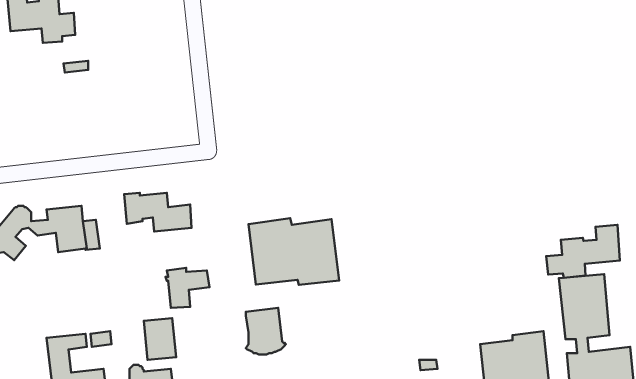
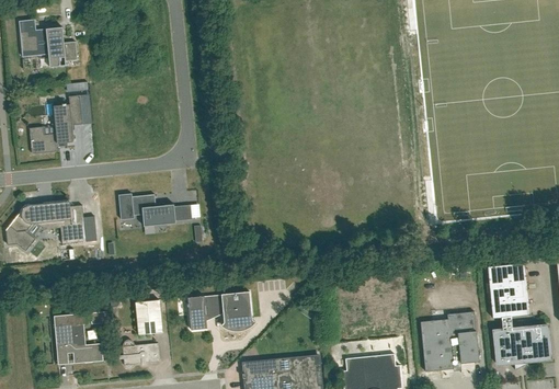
building: none -> [30,94,83,152]
building: [249,218,339,285] -> none
building: [546,225,620,278] -> none
building: [166,268,210,308] -> [186,295,224,329]

